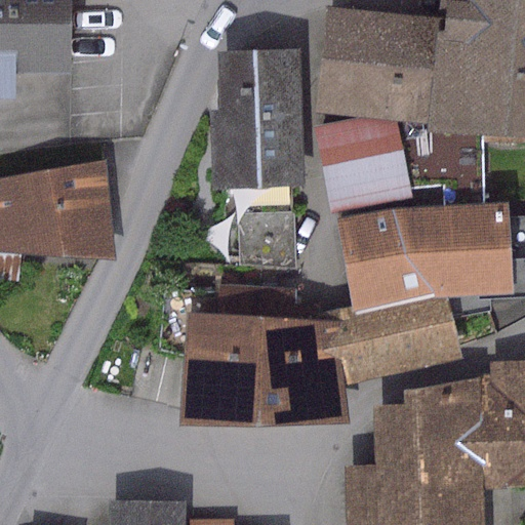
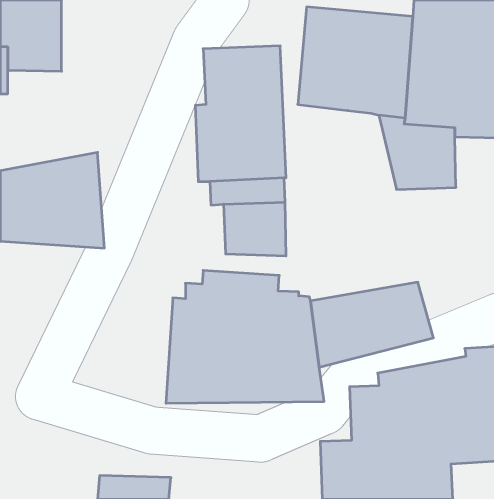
building: [318,116,414,212] -> none
building: [337,204,511,309] -> none

